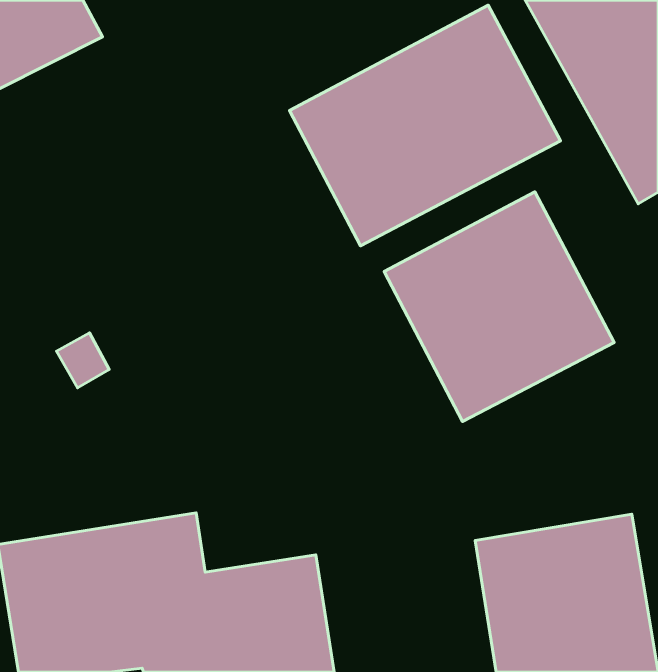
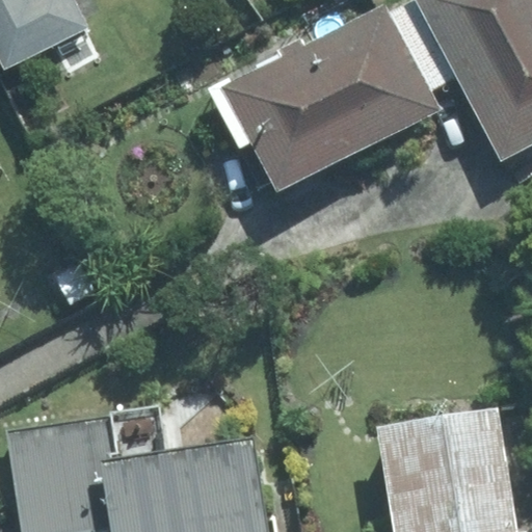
building: [384,192,614,422] -> none

